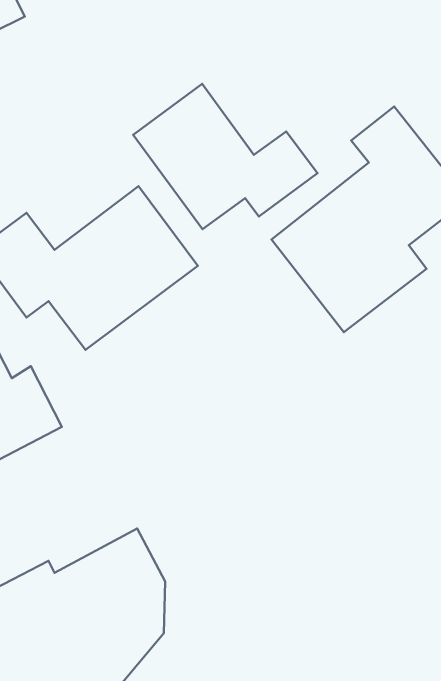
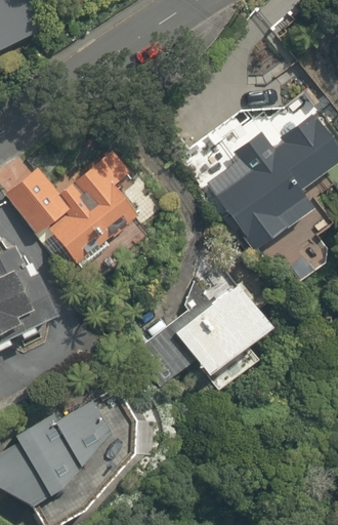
building: [133,84,317,229] -> none
building: none -> [130,275,277,389]

